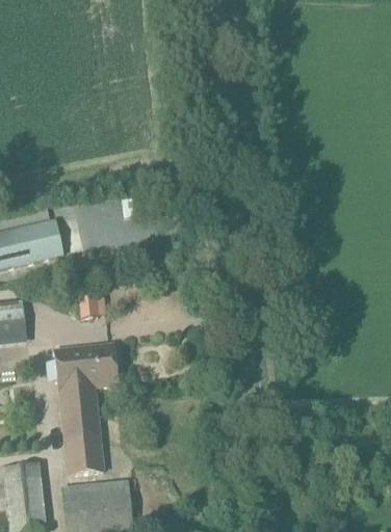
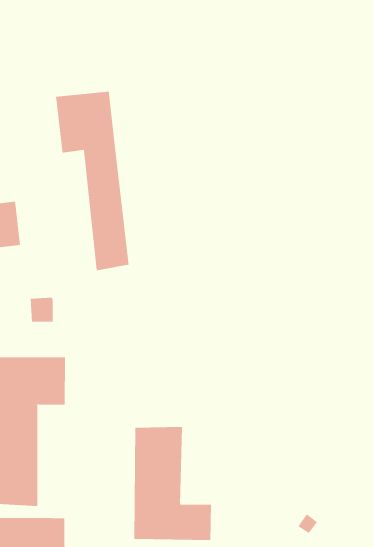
building: none -> [56,91,129,271]
building: none -> [134,426,211,541]

